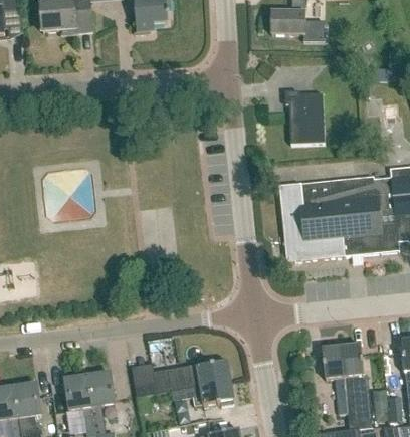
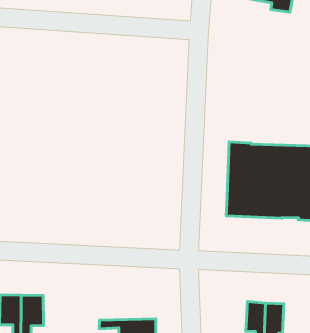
building: [285,89,325,143] -> none
building: [131,357,230,394] -> none

